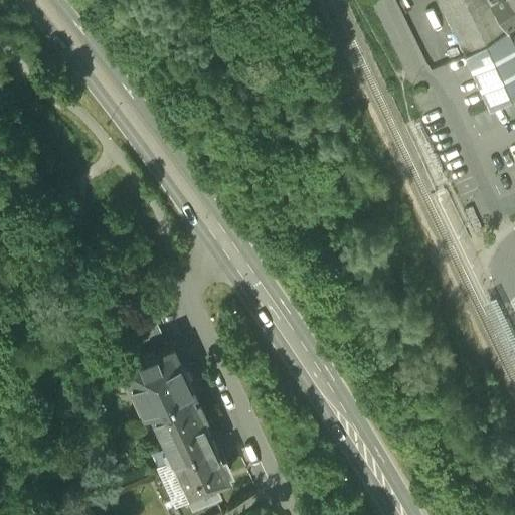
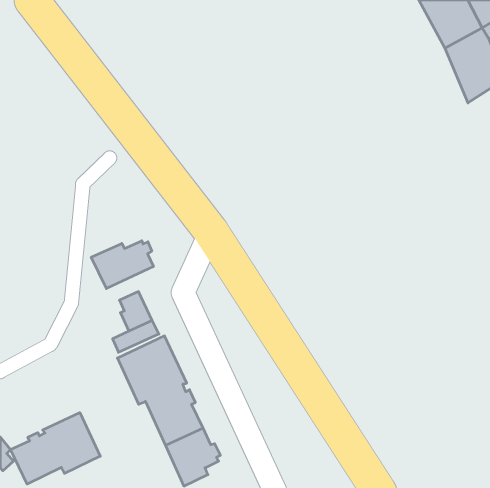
building: none -> [91,241,153,289]
building: none -> [11,413,100,484]

